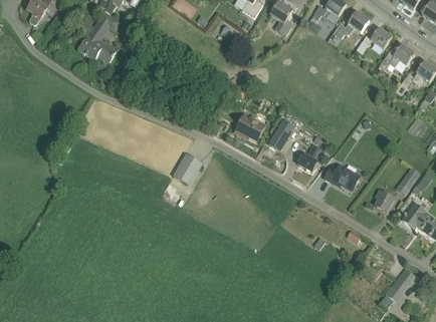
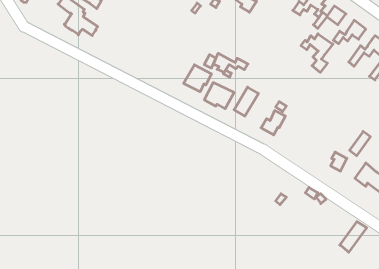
building: none -> [301,34,333,72]
building: none -> [213,53,248,77]
building: none -> [184,65,211,92]
building: [173,153,201,185] -> none
building: [323,165,360,191] -> none

